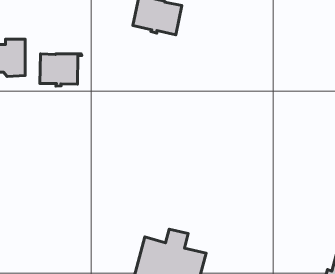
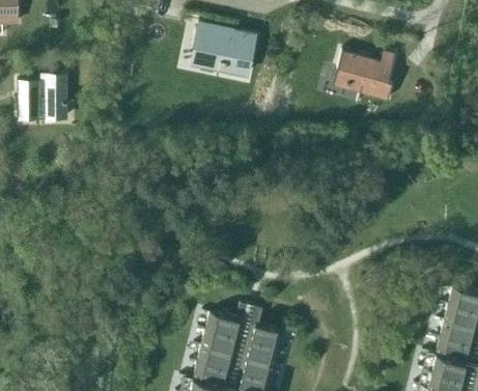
building: none -> [335,50,396,101]
building: [40,54,82,86] -> none

